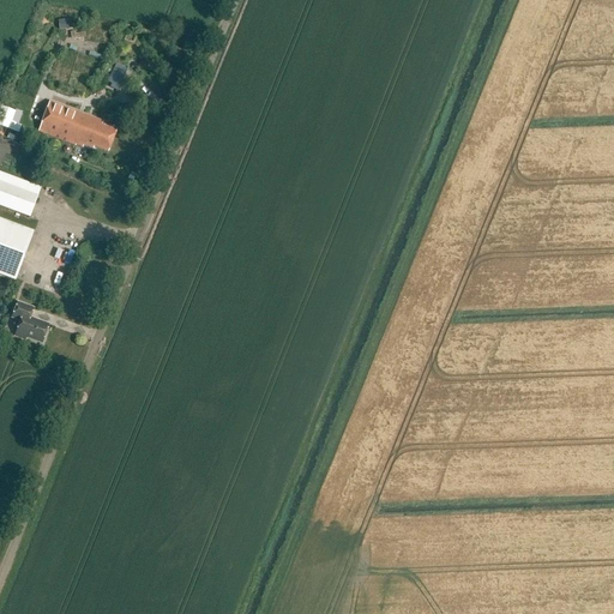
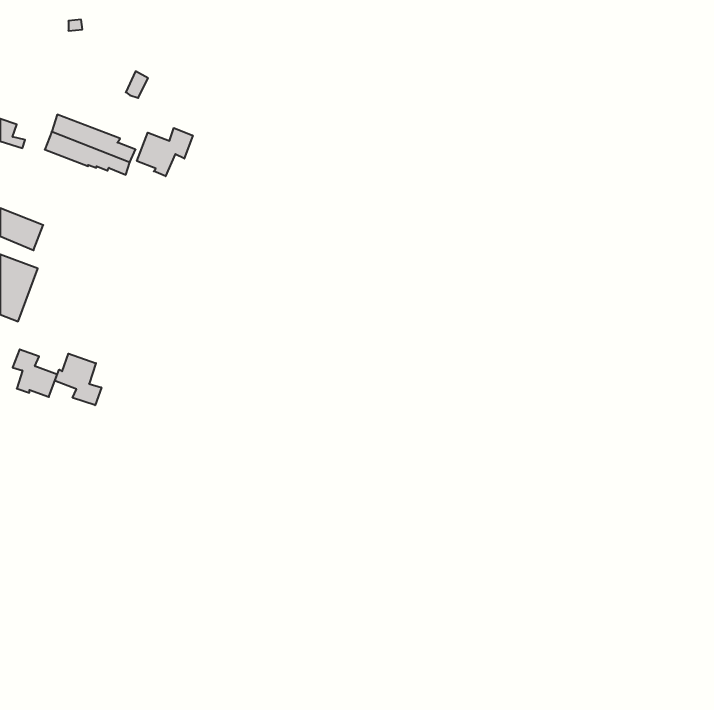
building: none -> [137,128,193,176]
building: none -> [55,354,101,405]

